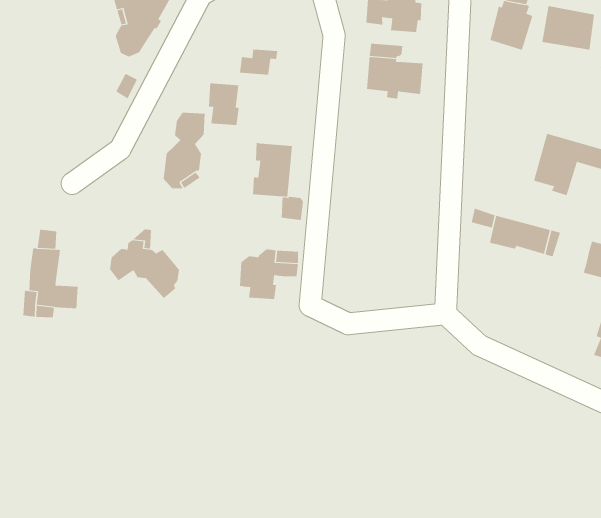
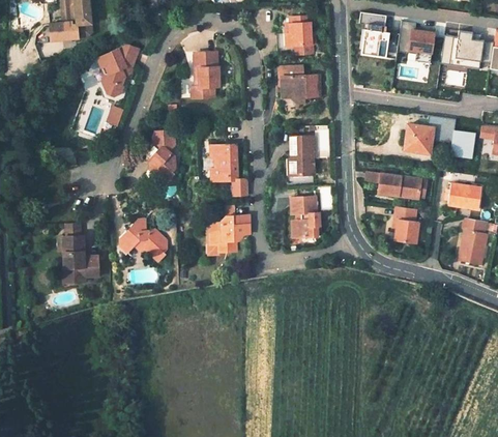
building: [208,83,239,125] -> [194,52,216,81]
building: none -> [290,136,313,175]
building: none -> [290,197,318,238]
building: none -> [393,206,417,244]

